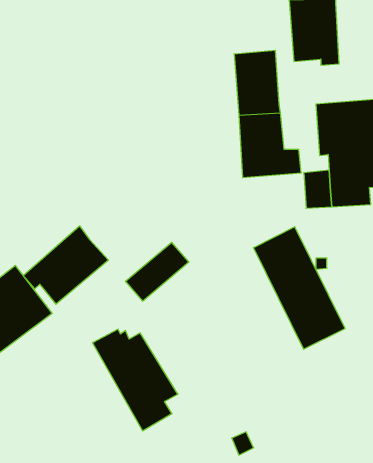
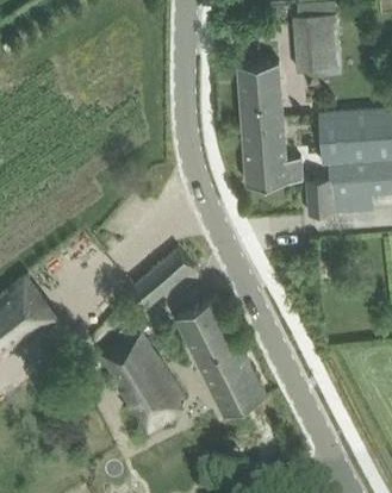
building: [23,226,108,304] -> none
building: [253,227,345,349] -> [175,299,265,418]

